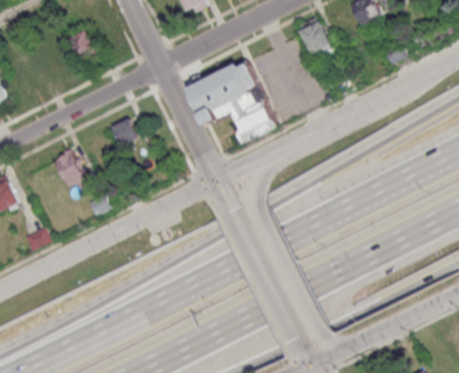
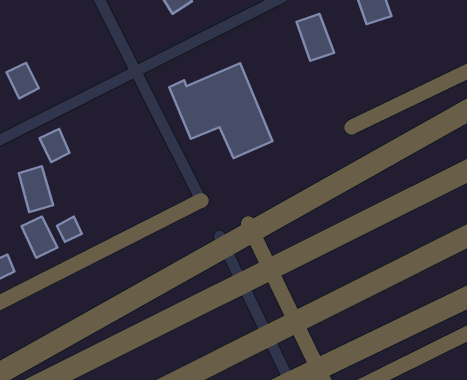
building: [67,30,95,61] -> [7,63,39,98]
building: [111,117,138,146] -> [40,129,69,162]
building: none -> [21,217,58,258]

